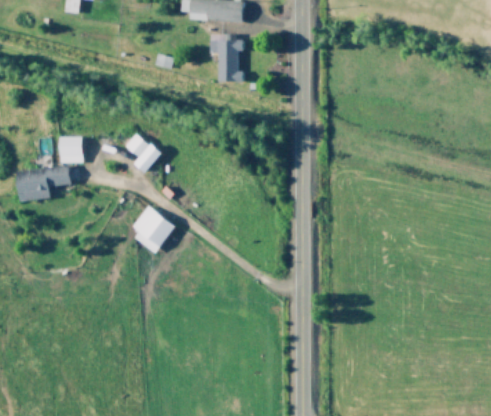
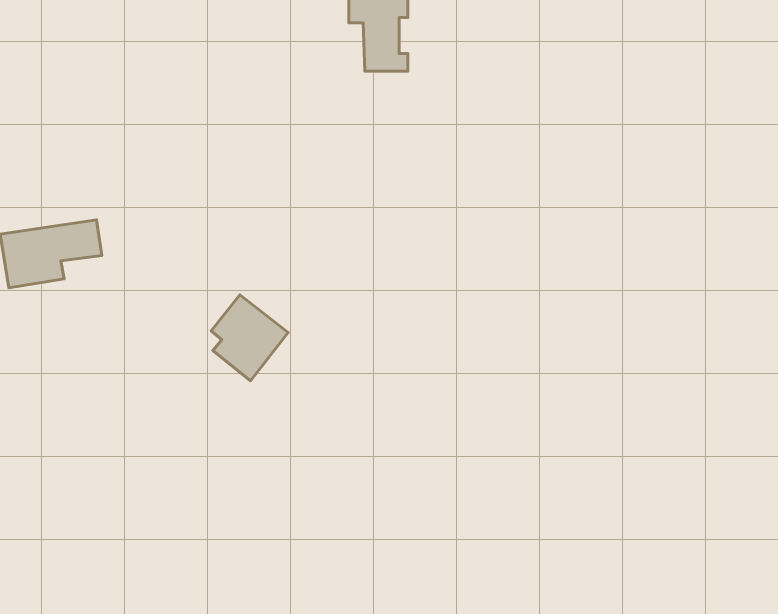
building: [125,133,161,173] -> none
building: [59,136,82,164] -> none

